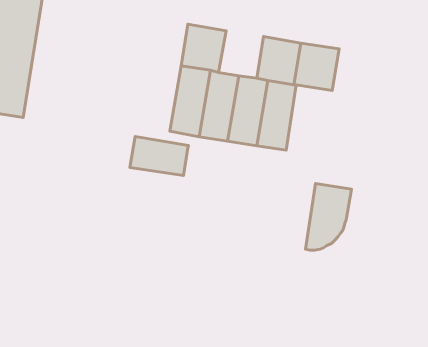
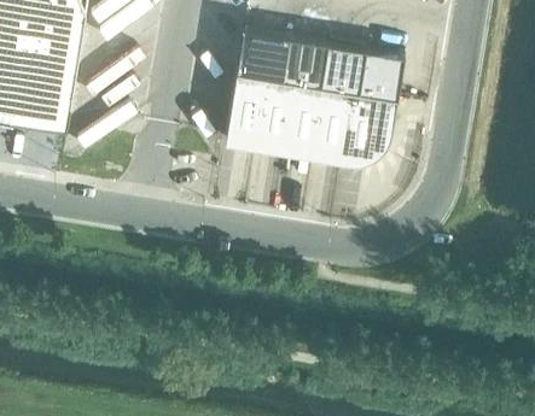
building: none -> [275,37,324,88]
building: [130,136,188,176] -> none
building: [305,184,352,250] -> [348,95,397,166]

